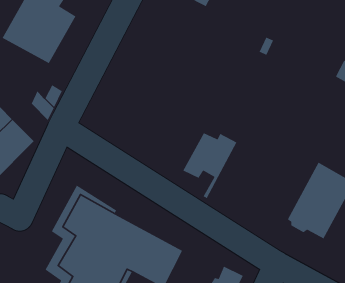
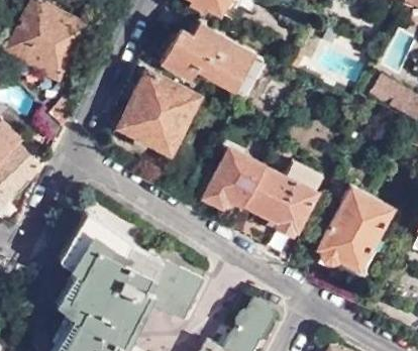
building: none -> [158,14,262,95]
building: none -> [118,71,199,155]
building: none -> [243,165,323,233]

